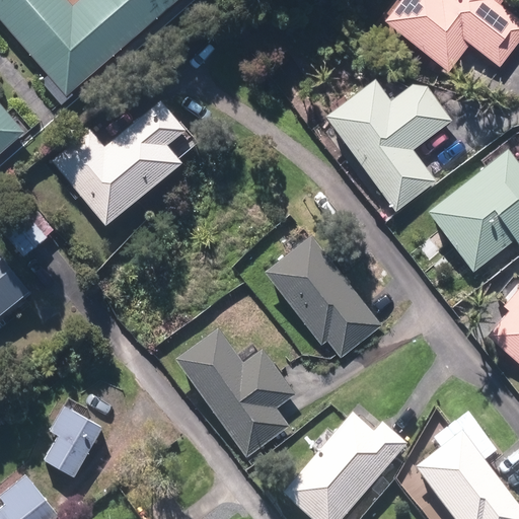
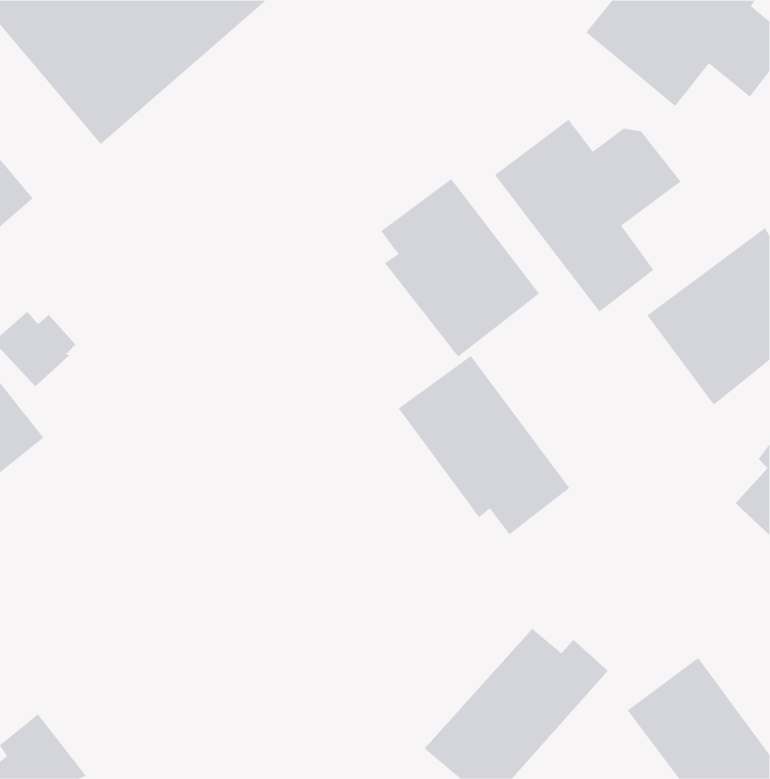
building: [47,99,188,225] -> none
building: none -> [380,178,540,358]
building: [175,327,294,456] -> none
building: [45,399,100,477] -> none

